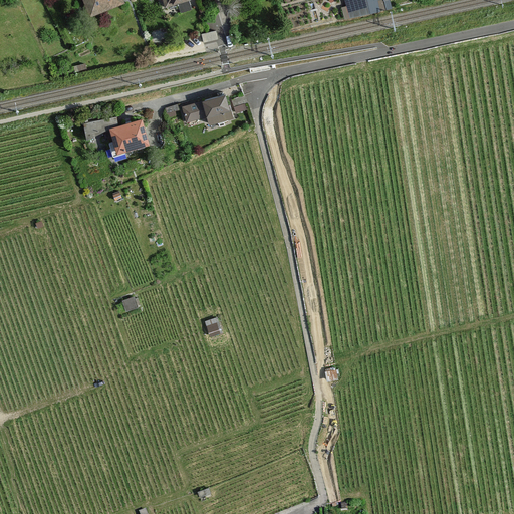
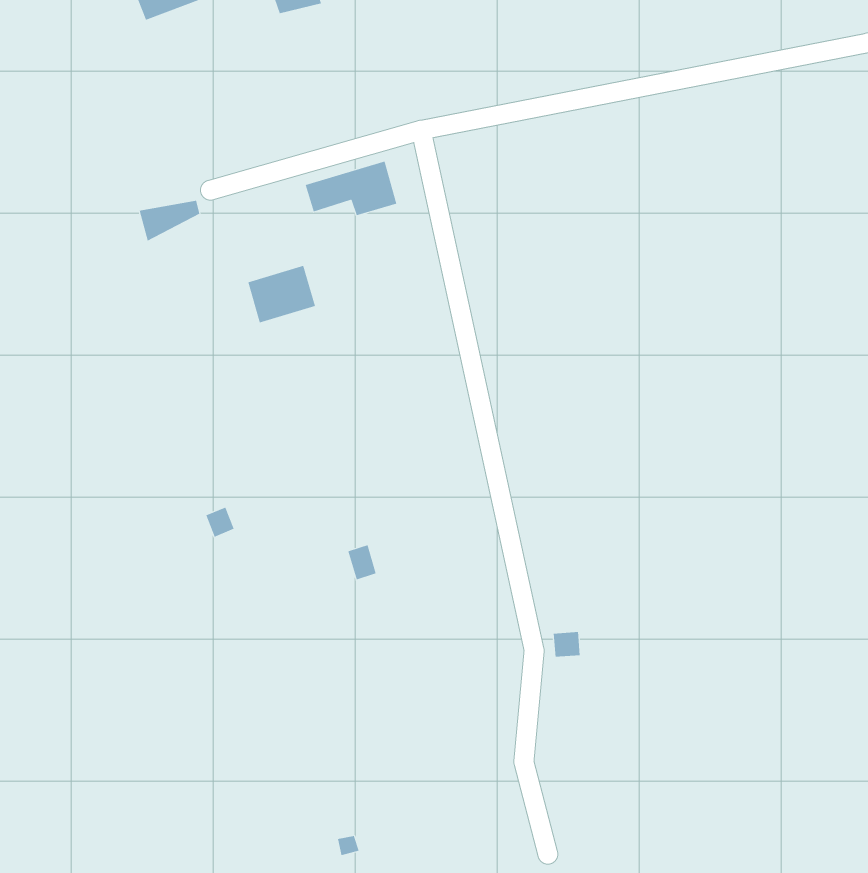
building: [110,121,151,156] -> [247,265,316,323]

